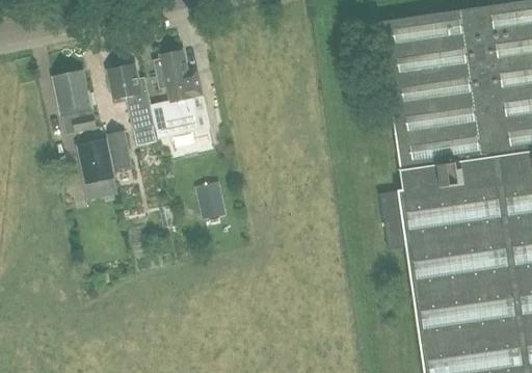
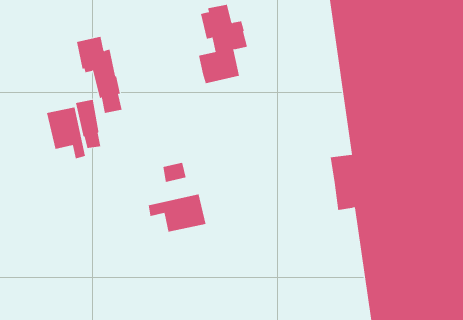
building: [152,51,205,136] -> [198,4,248,84]
building: [55,71,98,131] -> none
building: none -> [148,193,206,232]

